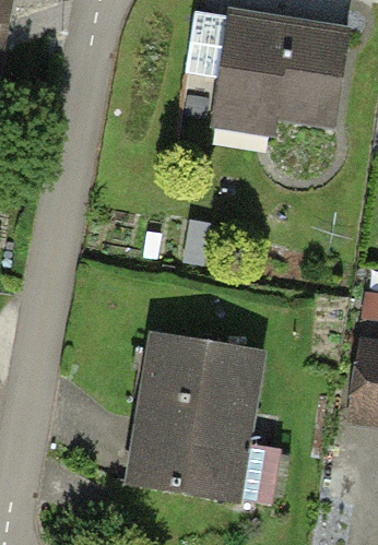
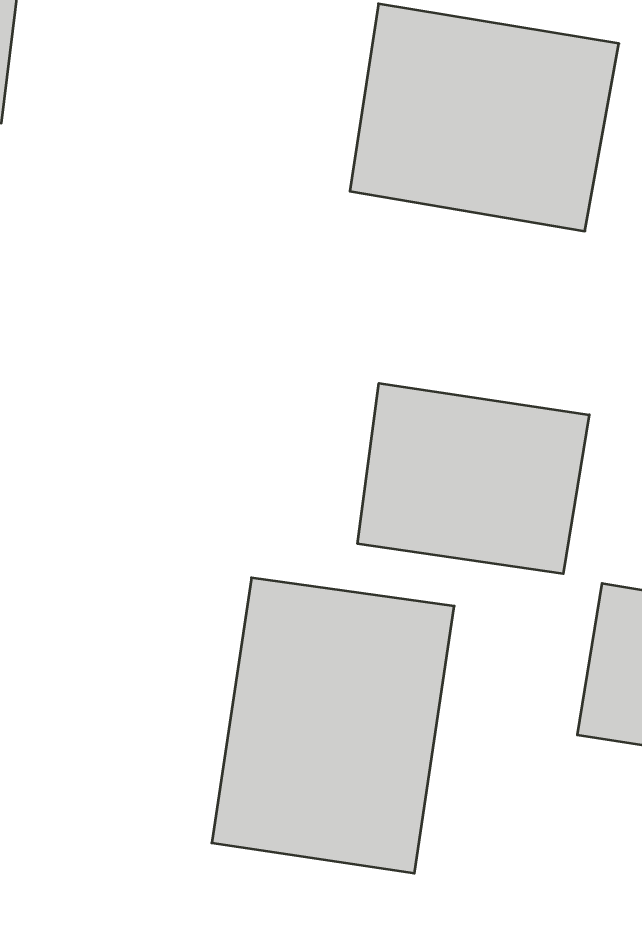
building: none -> [358,383,589,574]

